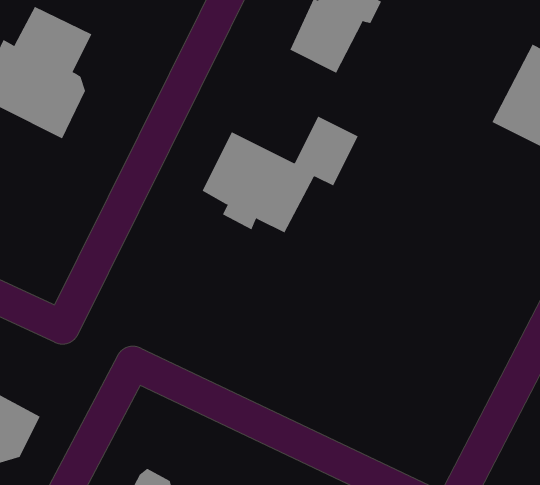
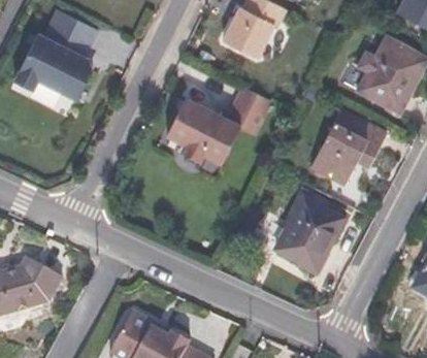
building: none -> [311,109,386,182]
building: none -> [278,196,342,265]

